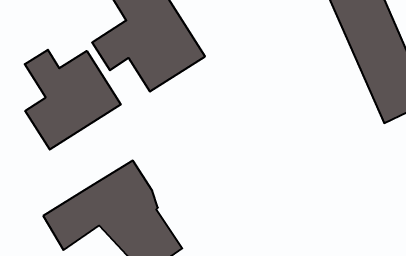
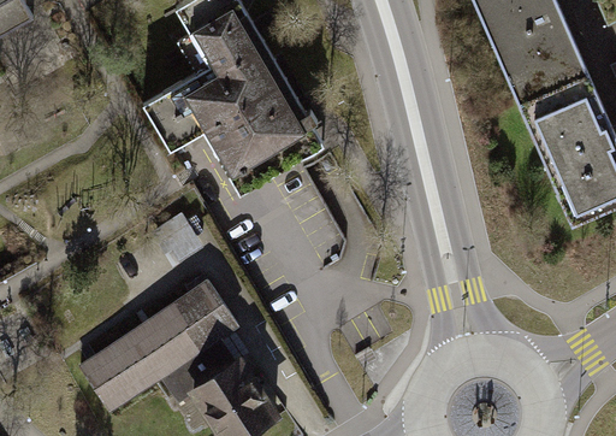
building: [25,50,121,150] -> none

